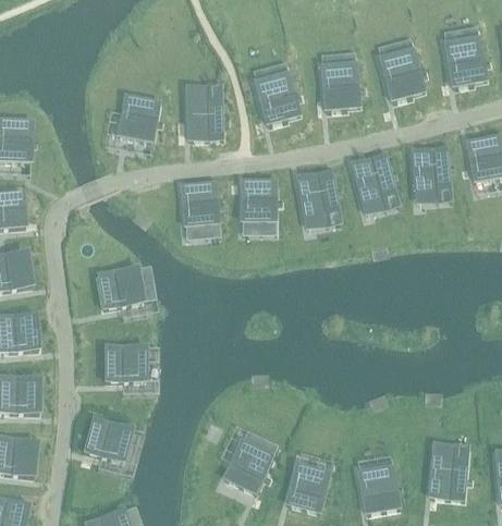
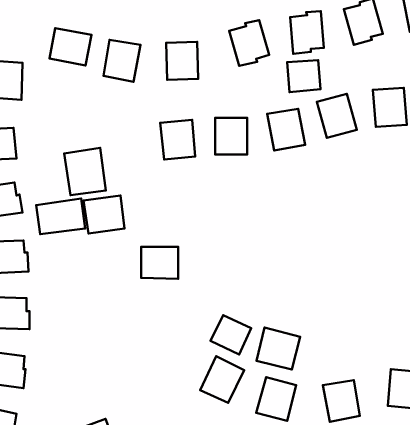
building: none -> [49,28,91,66]
building: none -> [287,60,320,92]
building: none -> [64,148,106,195]
building: none -> [36,199,85,234]
building: [105,344,145,379] -> [141,247,178,279]
building: none -> [211,315,251,354]
building: none -> [257,328,300,370]
building: [84,416,132,460] -> none

